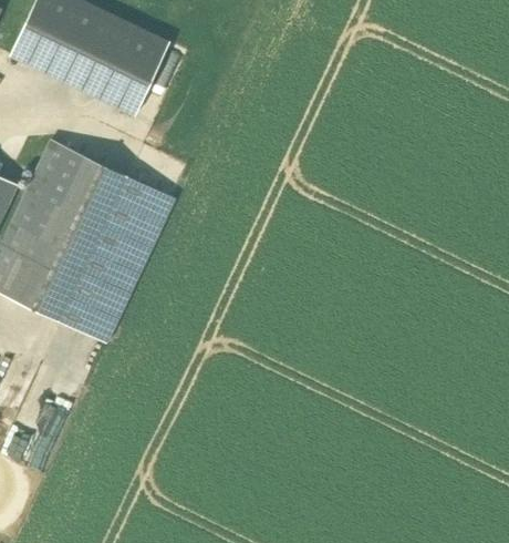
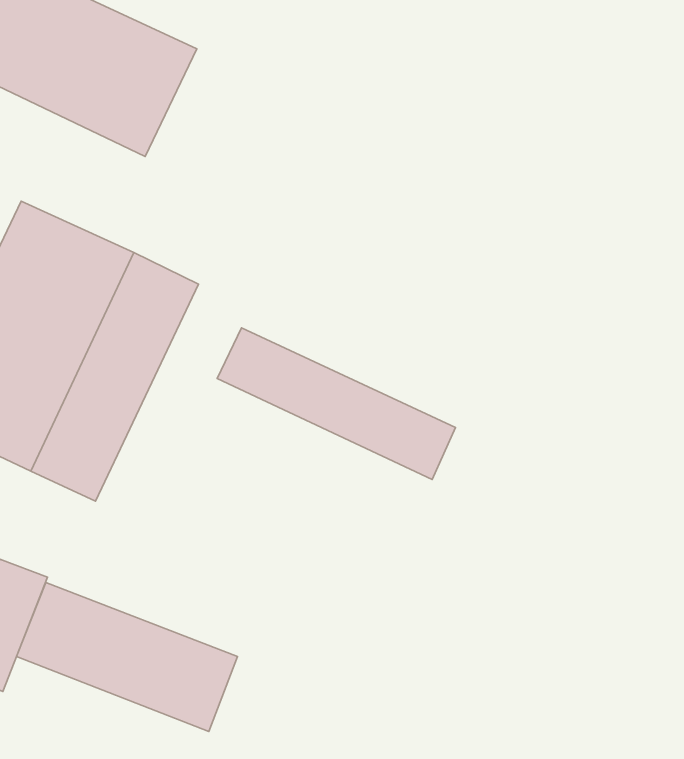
building: none -> [217,328,455,480]
building: none -> [17,582,237,732]

